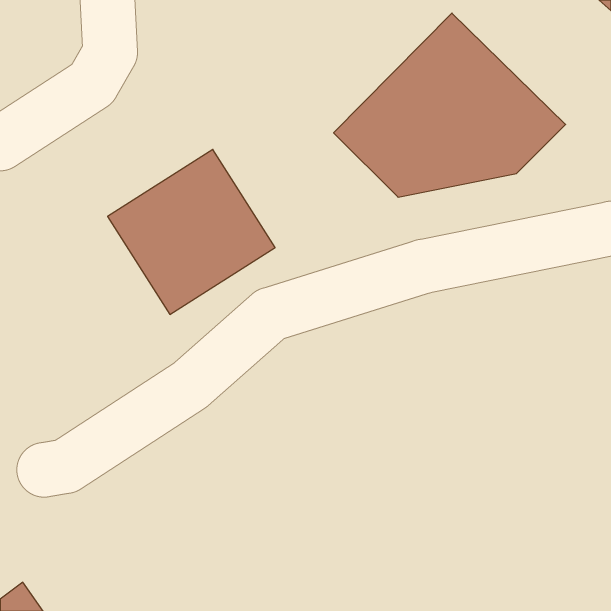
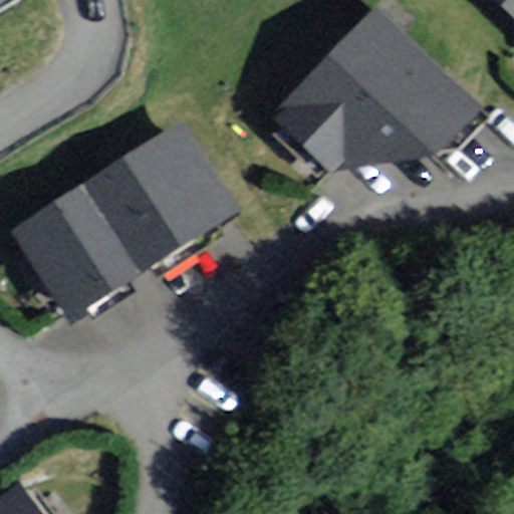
building: none -> [17,190,132,310]

